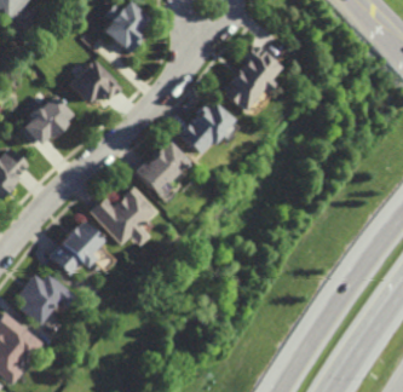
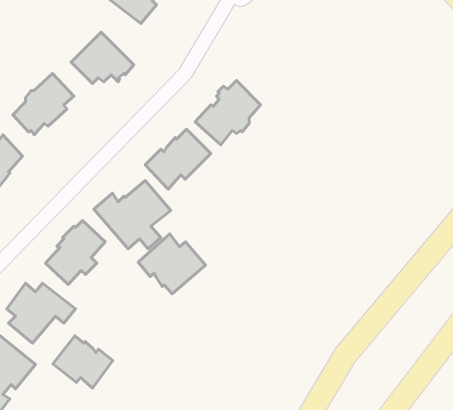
building: [223,44,282,111] -> none
building: none -> [138,234,205,294]
building: none -> [53,336,113,388]

